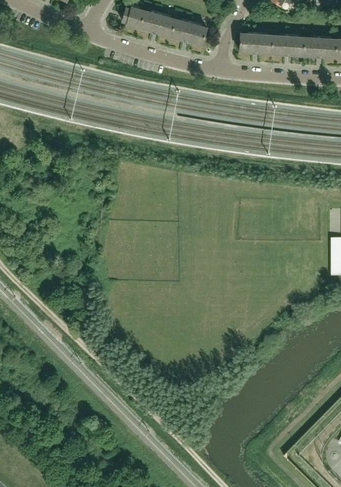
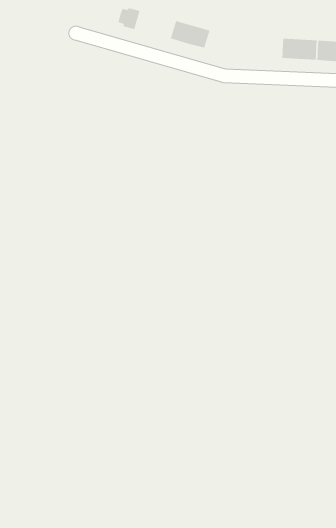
building: [138,10,175,36] -> none
building: [240,33,273,54] -> none

